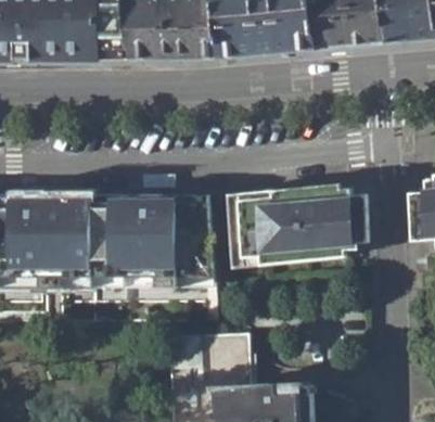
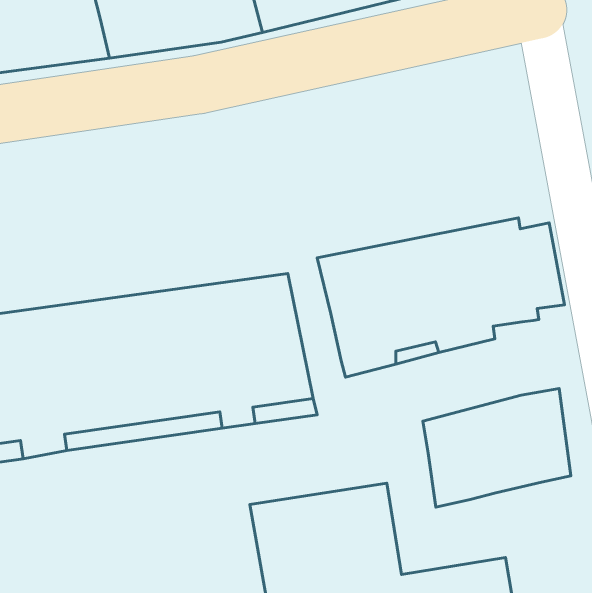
building: none -> [423,388,571,507]

